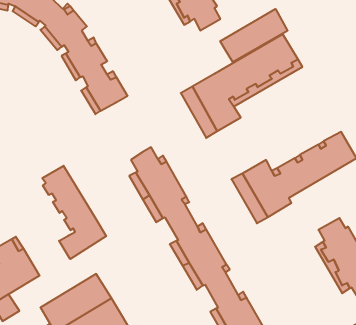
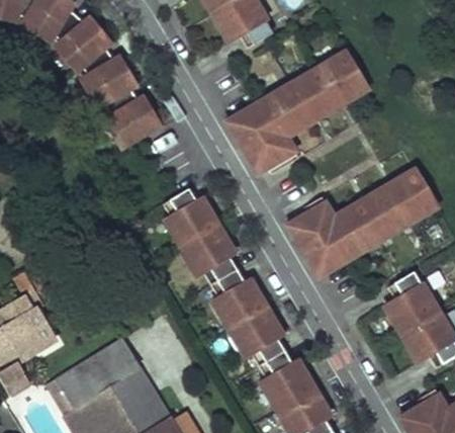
building: [220,9,288,62] -> none
building: [42,166,106,259] -> none

